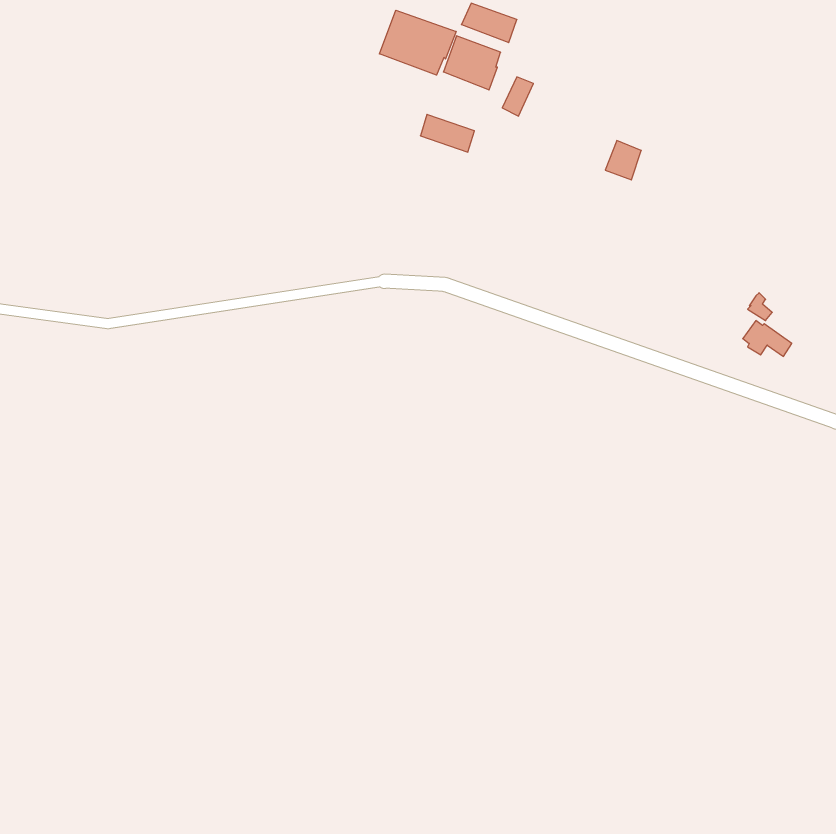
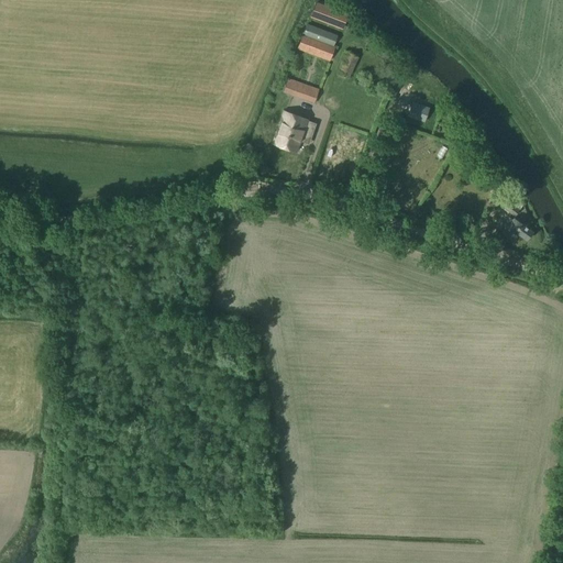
building: [379,10,456,75] -> none
building: none -> [273,110,316,151]

